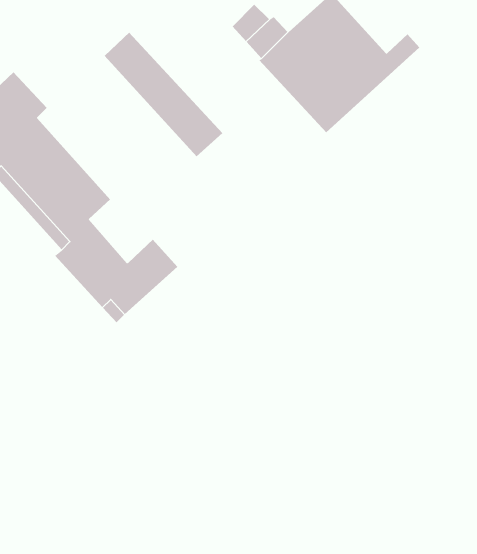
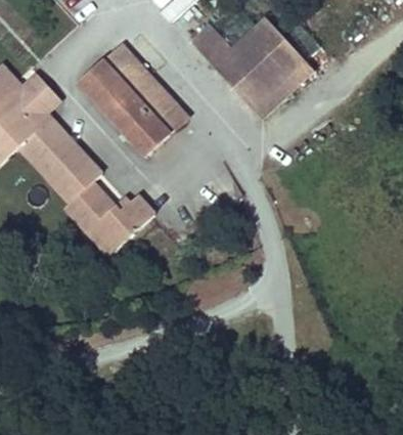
building: none -> [79,62,168,157]

